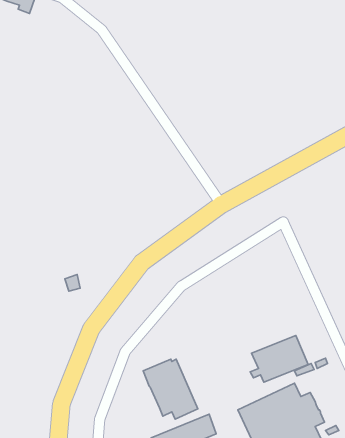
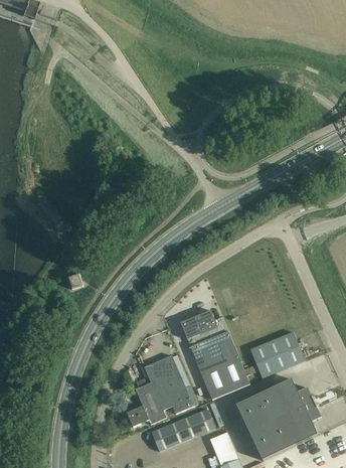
building: none -> [179,310,250,399]
building: none -> [126,366,166,427]

